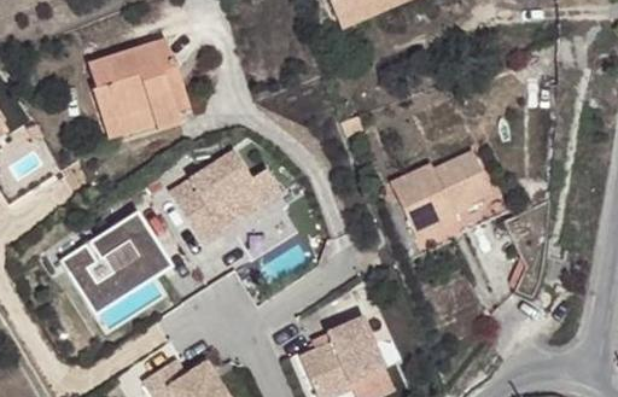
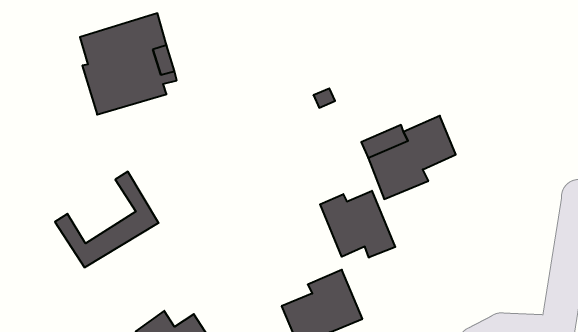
building: [169,148,281,241] -> none
building: [43,218,146,286] -> none
building: none -> [320,191,395,258]

